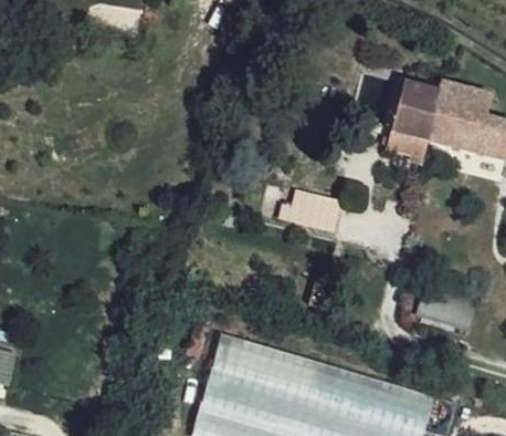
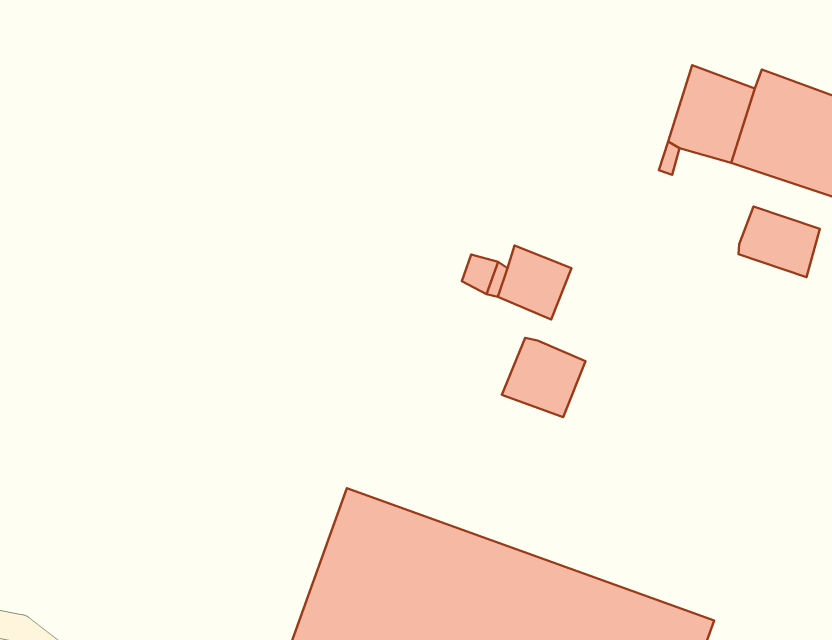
building: none -> [739,207,820,277]
building: none -> [502,338,585,417]

